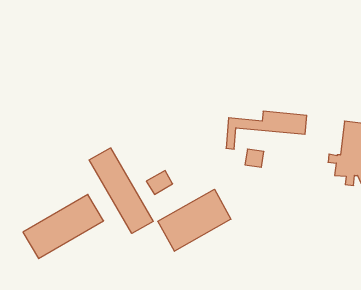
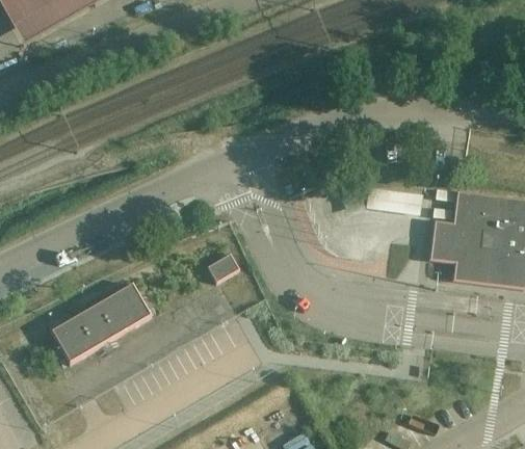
building: [89,148,153,233] -> none
building: [158,189,231,251] -> none

